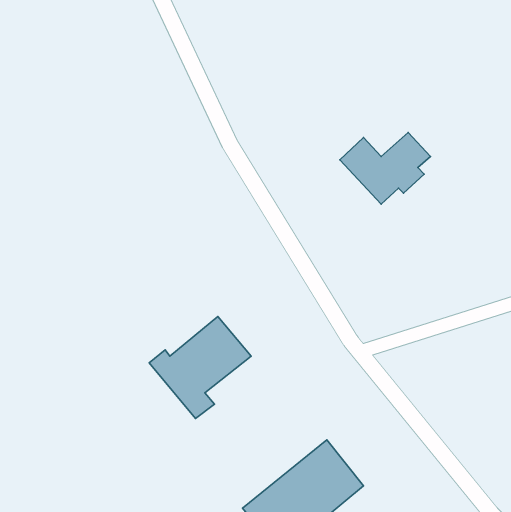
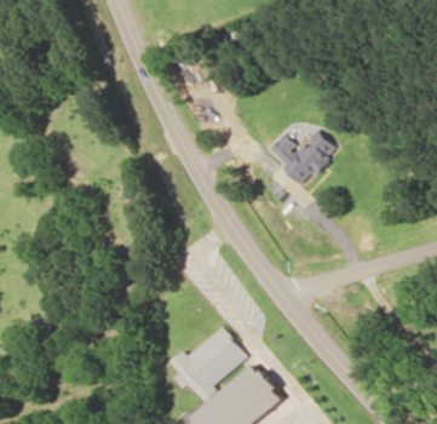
building: [149,317,251,418] -> [171,326,248,403]

